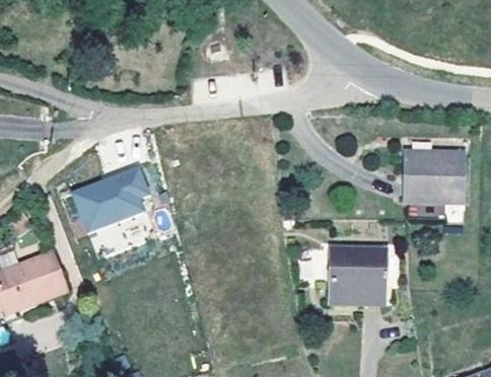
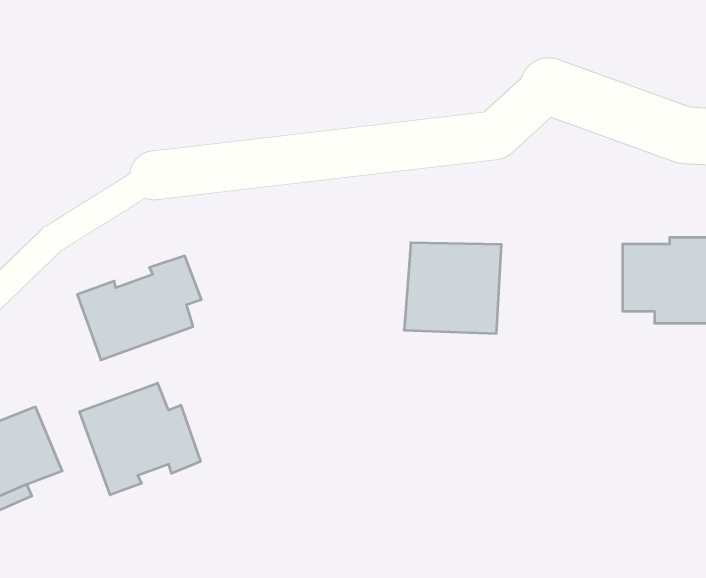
building: none -> [80,383,200,495]
building: [331,250,390,305] -> [404,243,501,333]

